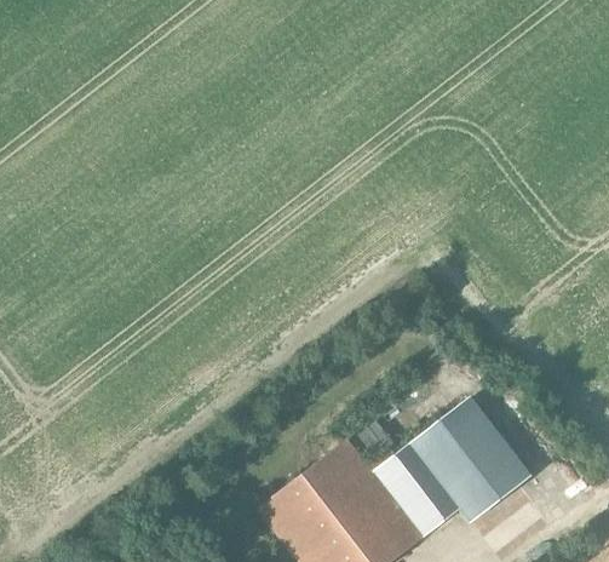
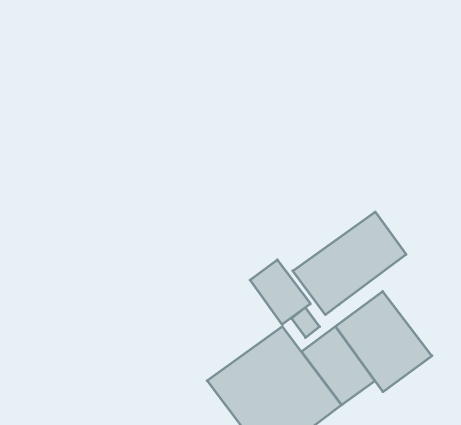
building: none -> [293,212,406,315]
building: none -> [250,260,310,325]

